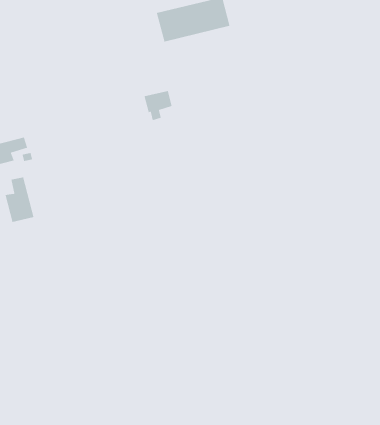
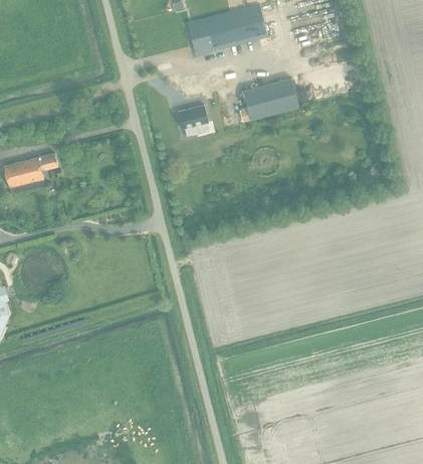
building: none -> [237,79,296,123]
building: [4,176,34,223] -> none

